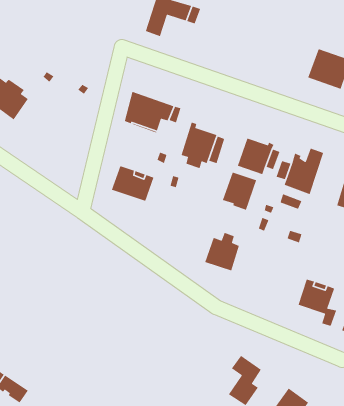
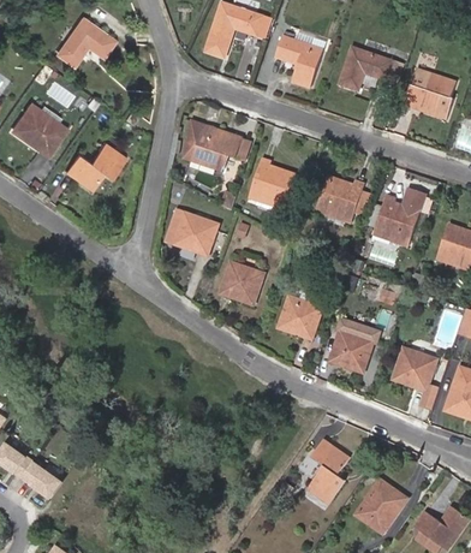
building: none -> [55,18,113,66]
building: none -> [274,36,321,87]
building: none -> [338,47,392,90]
building: none -> [66,144,123,189]
building: [222,171,257,211] -> none
building: none -> [219,262,263,305]
building: none -> [329,323,372,373]

